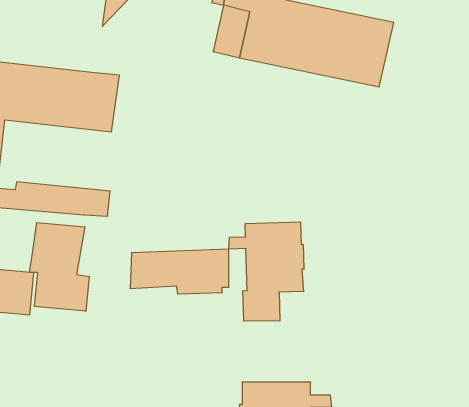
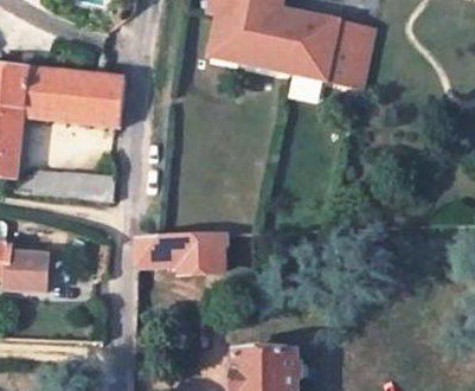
building: [229,222,304,321] -> none
building: [30,223,89,311] -> none

